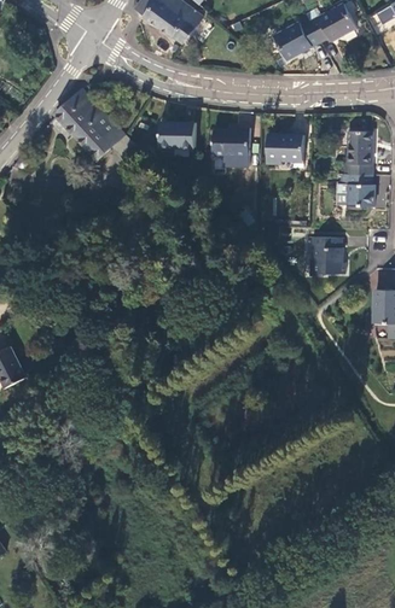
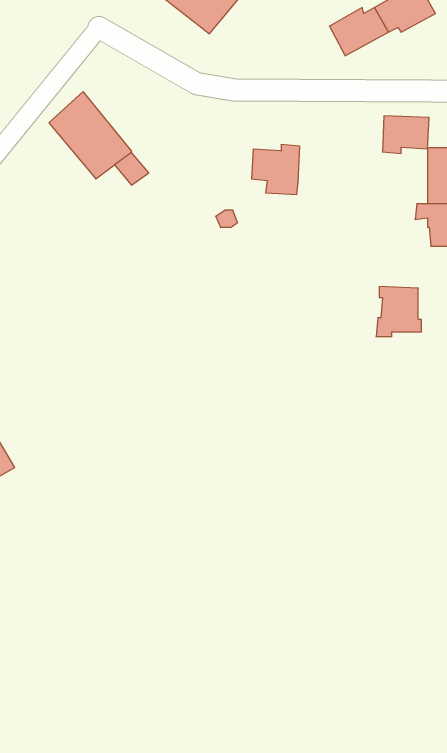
building: [159,123,191,148] -> none
building: [265,135,301,164] -> [382,116,429,153]

